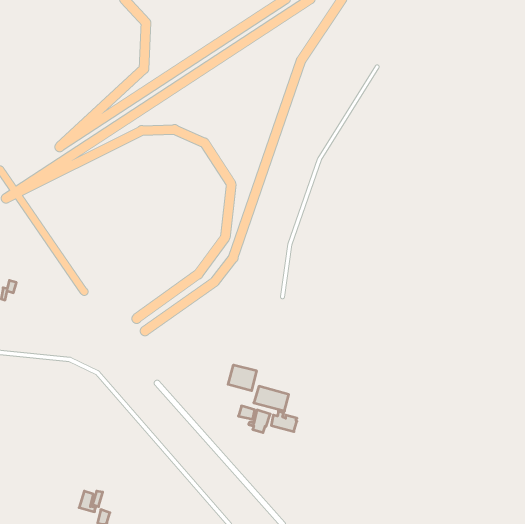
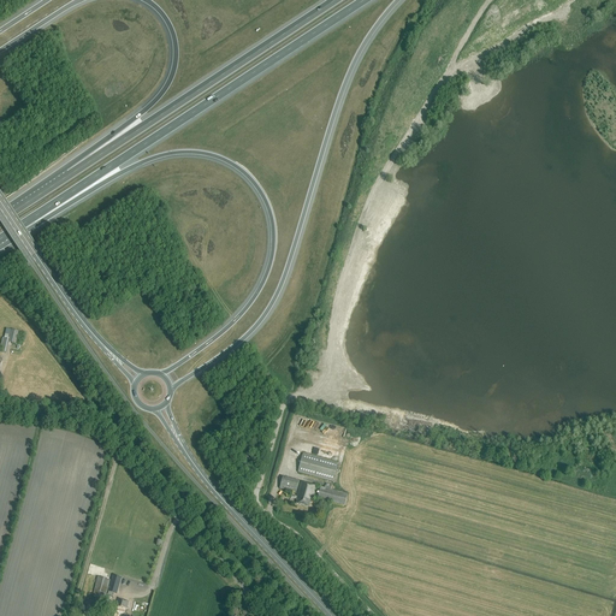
building: [228,365,256,391] -> none

